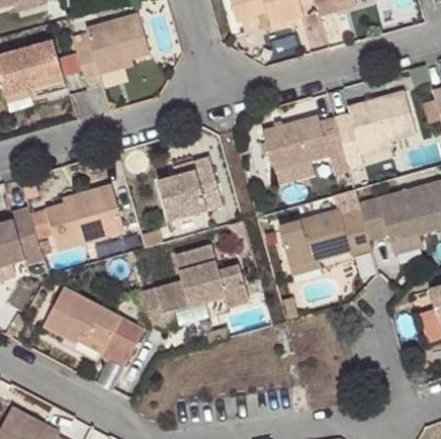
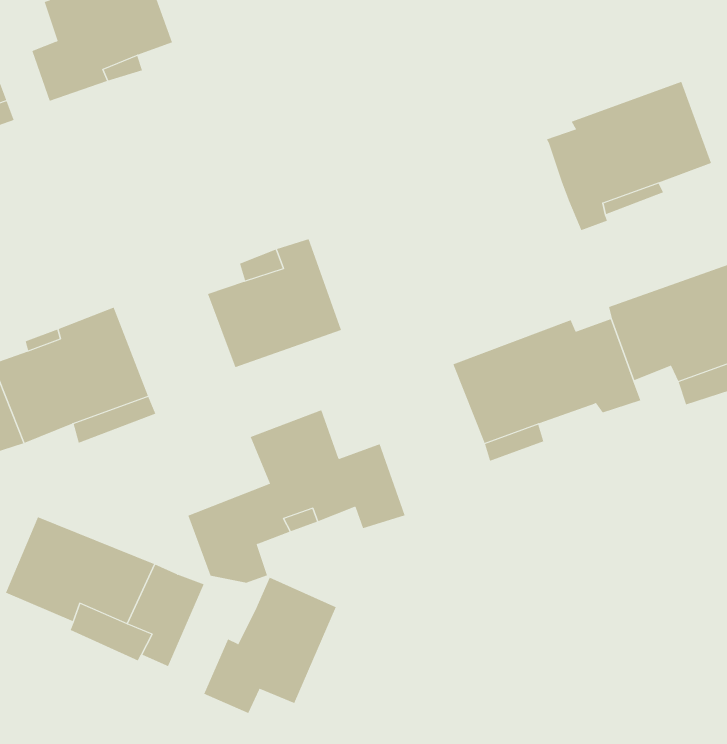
building: [262,116,343,171] -> none
building: none -> [204,577,337,714]

